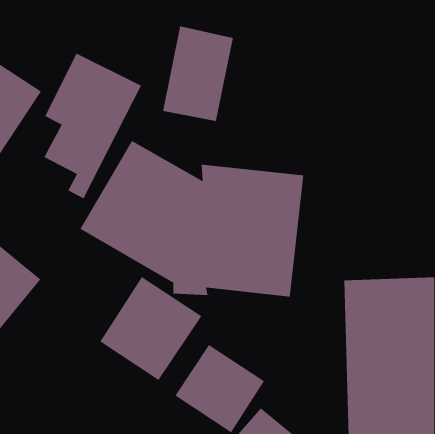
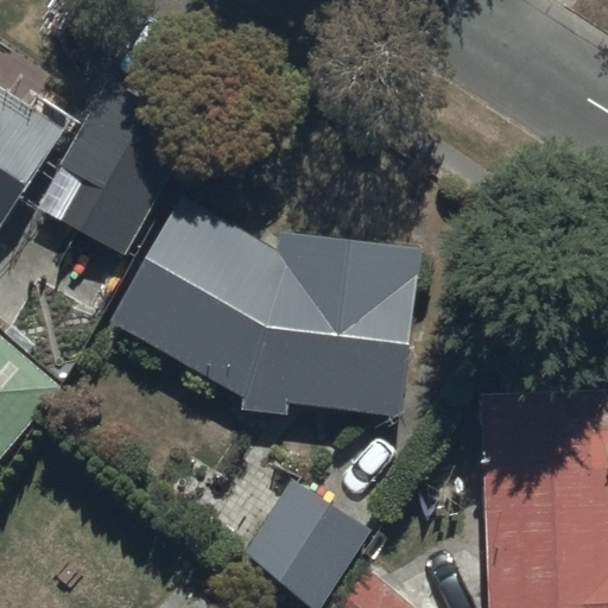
building: [162,25,234,122] -> none
building: [99,276,202,381] -> none

